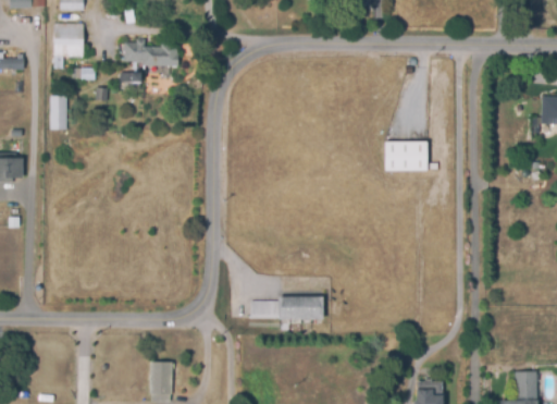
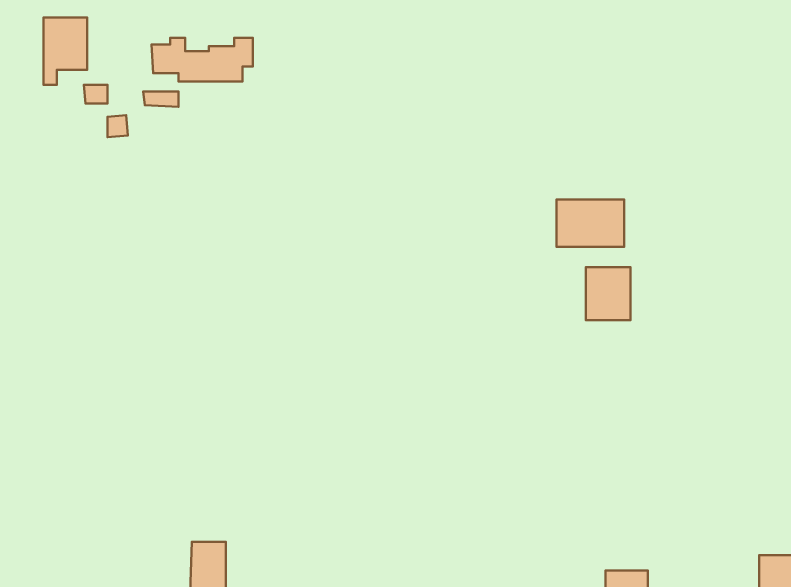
building: [50,95,66,128] -> none
building: none -> [586,267,630,320]
building: [251,297,323,320] -> none

